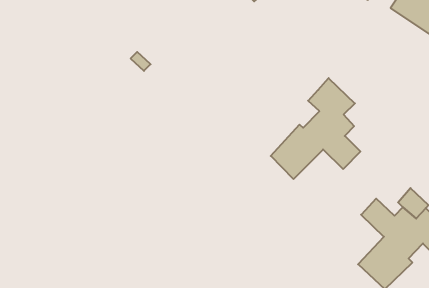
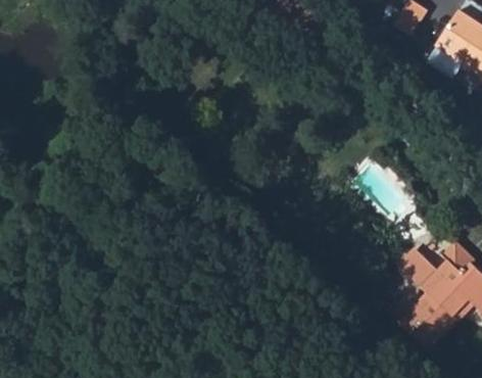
building: [271,78,360,179] -> none

